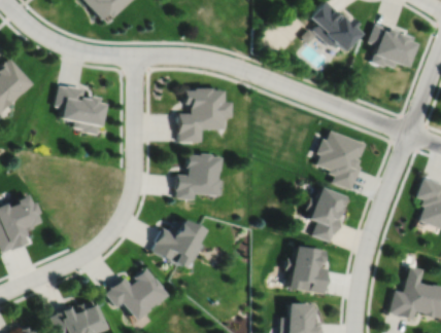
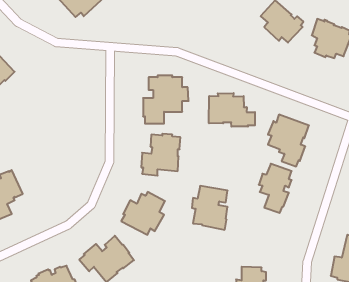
building: [56,84,103,134] -> none
building: none -> [209,93,255,127]
building: [287,245,328,294] -> [192,186,228,230]

